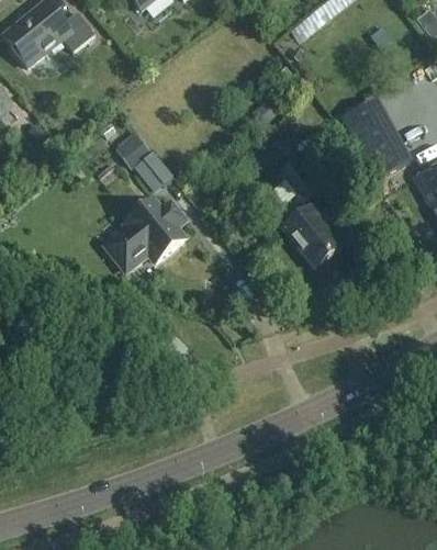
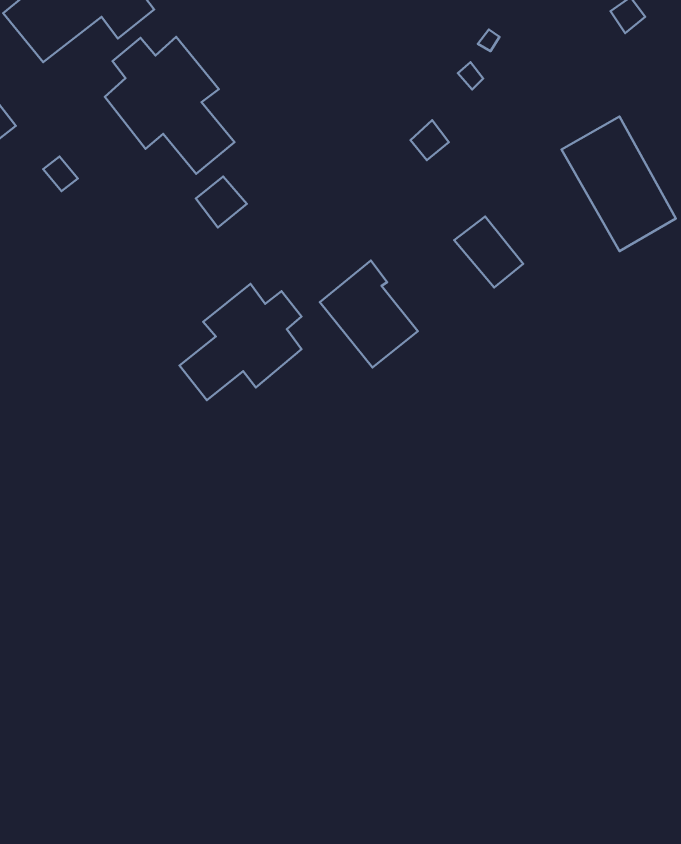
building: none -> [105,37,234,174]
building: [134,150,171,189] -> none
building: [282,202,341,267] -> [320,260,418,368]

